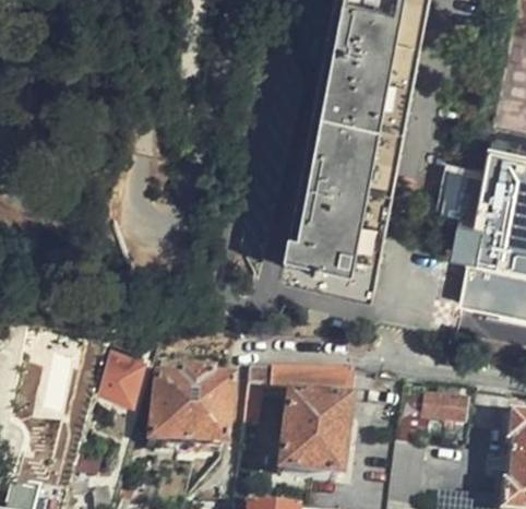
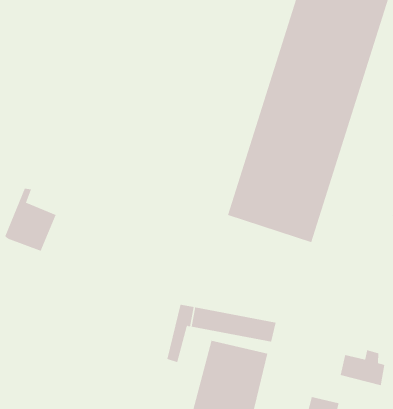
building: [95,336,145,399] -> [4,188,57,251]
building: [147,371,231,450] -> none

